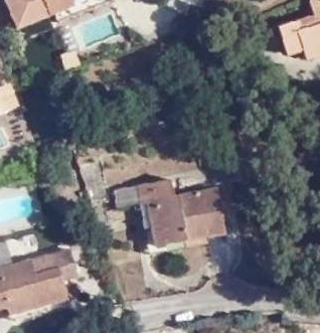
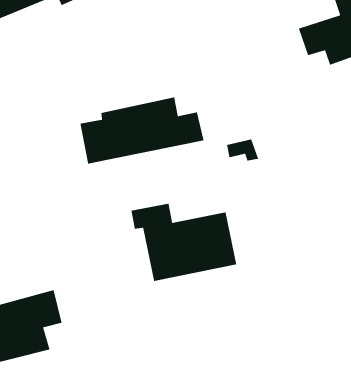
building: none -> [80,96,204,165]

